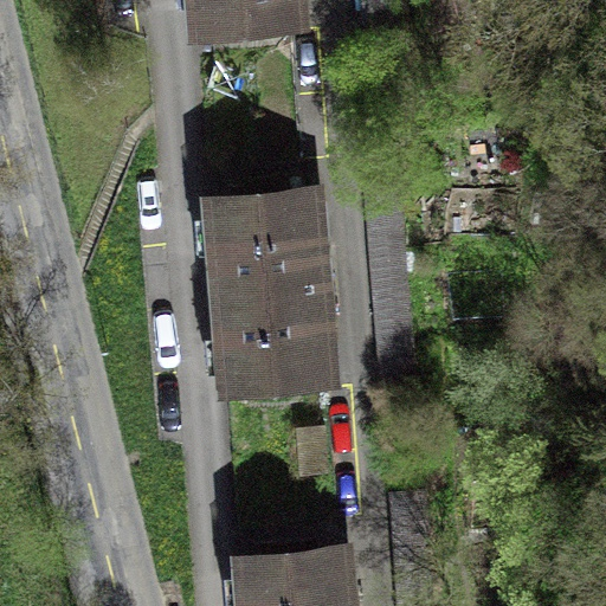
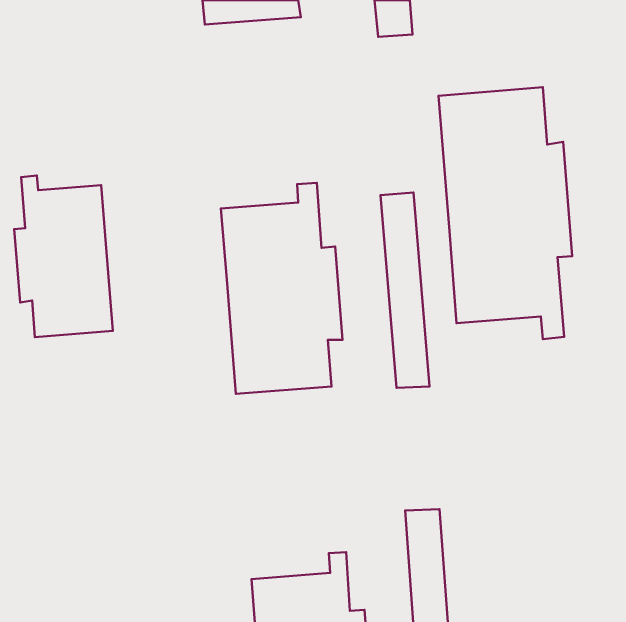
building: none -> [438,87,572,339]
building: none -> [14,176,113,337]

